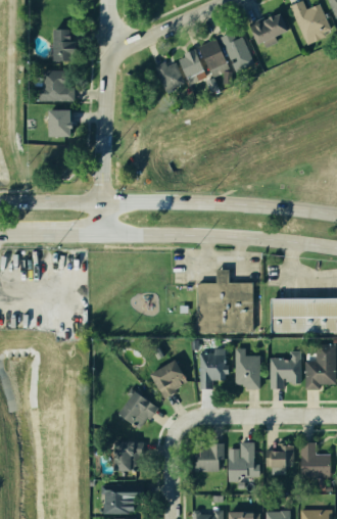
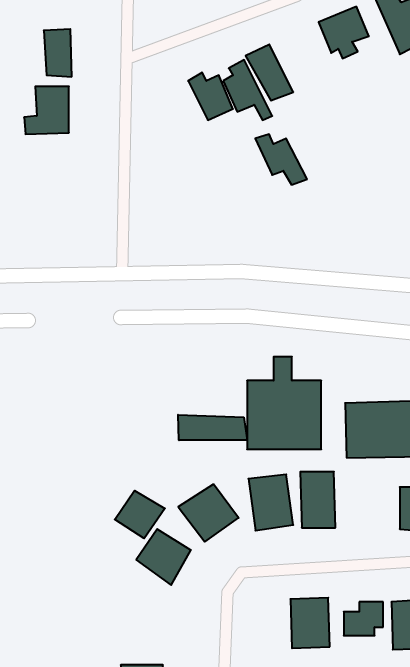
building: [220,31,257,67] -> [255,134,307,185]
building: [47,107,67,136] -> none
building: none -> [178,415,247,440]
building: [274,353,302,385] -> none
building: none -> [115,491,165,538]
building: [192,440,225,475] -> none
building: [104,441,136,474] -> none

